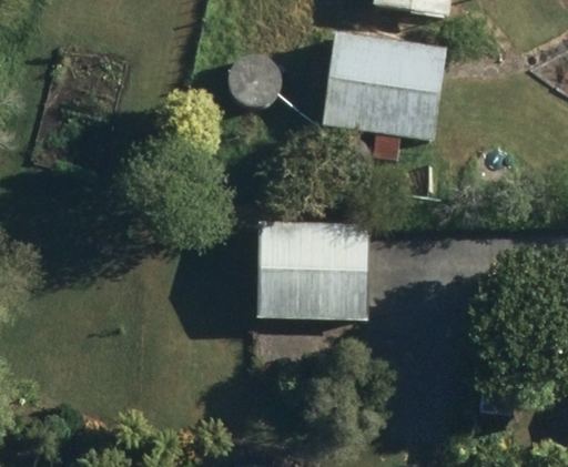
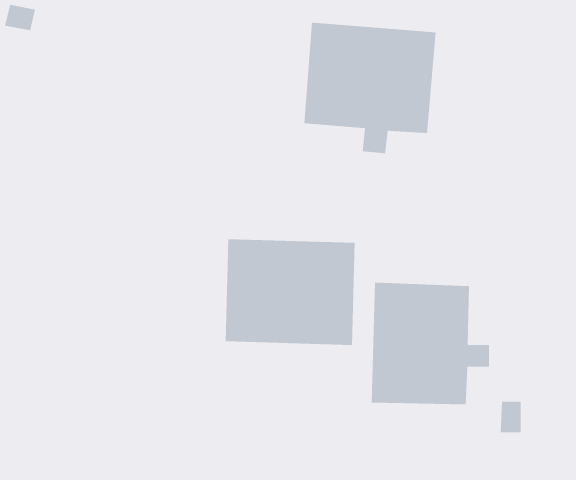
building: none -> [371,282,490,405]

